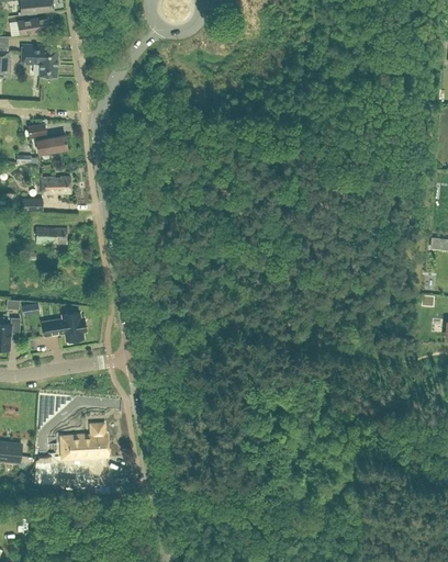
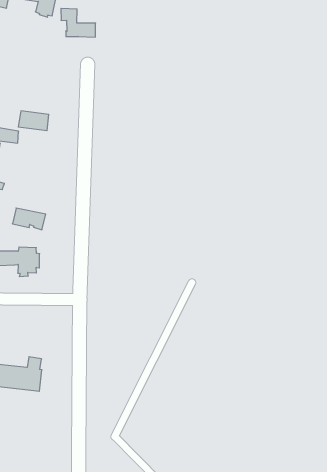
building: [27,124,67,154] -> [61,8,96,37]
building: [35,227,67,245] -> [12,208,46,230]

